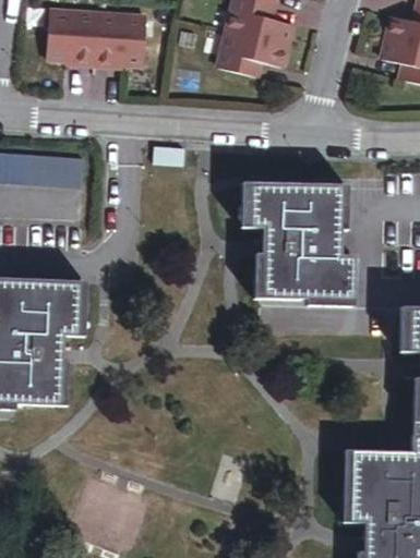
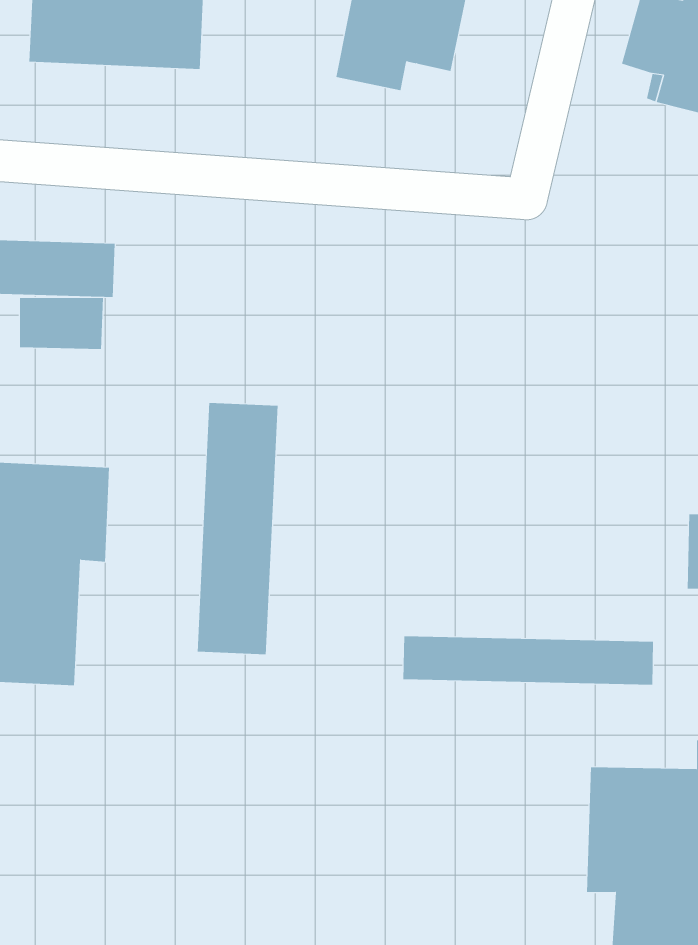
building: [248,184,353,301] -> none
building: none -> [197,402,278,655]
building: none -> [403,636,653,686]

